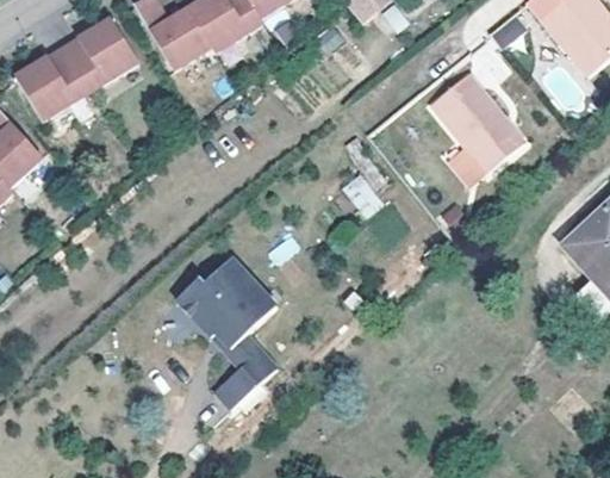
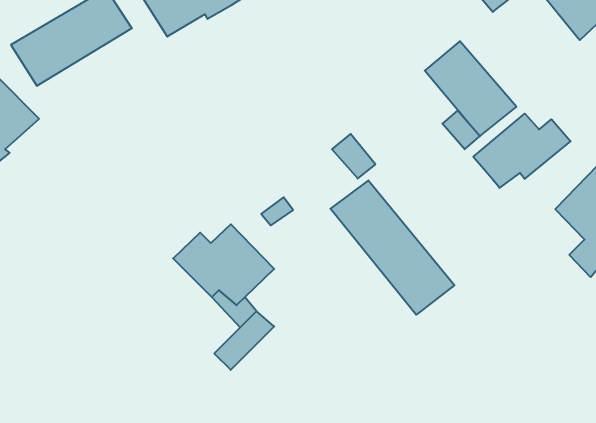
building: none -> [473,114,571,188]
building: none -> [330,180,454,315]

